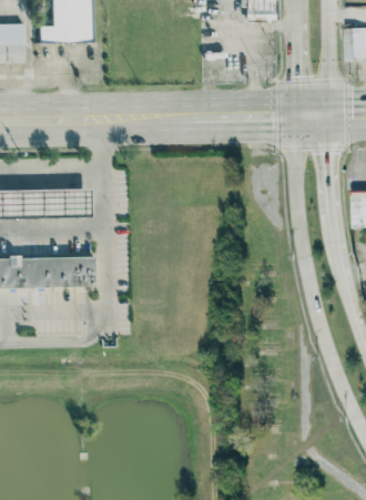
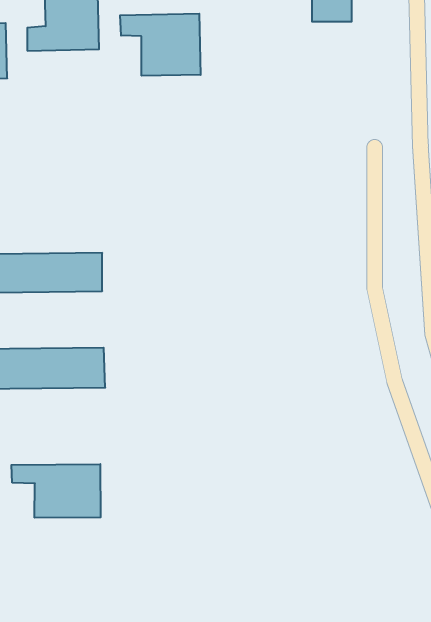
building: none -> [120,14,201,76]
building: none -> [11,464,101,518]

